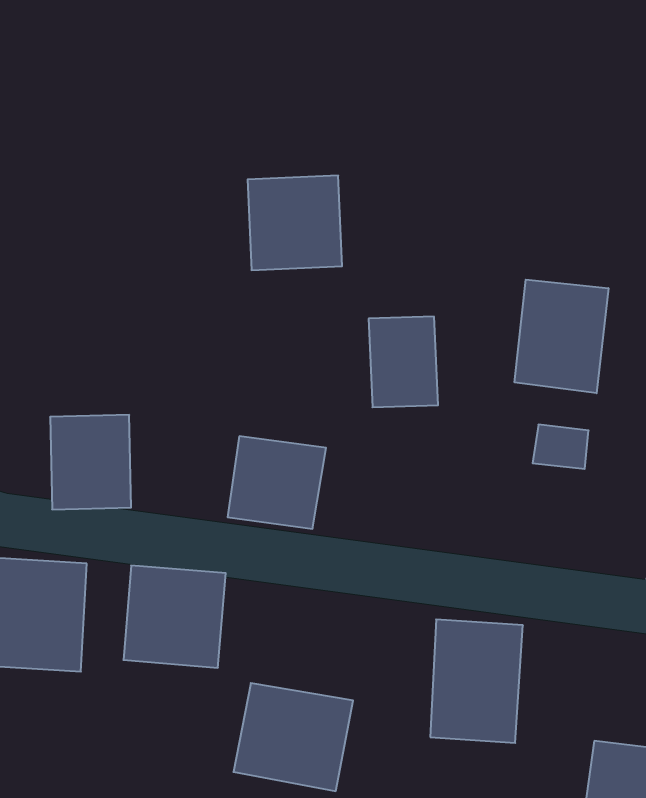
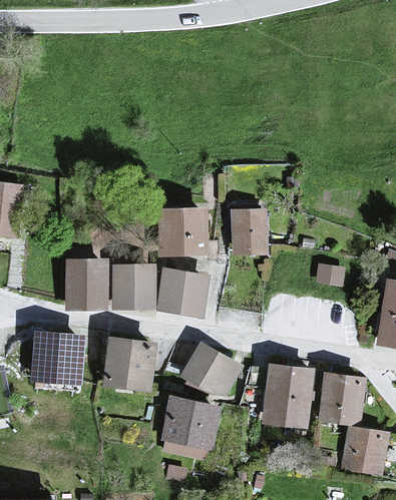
building: [248,176,342,270] -> [156,207,206,257]
building: [515,280,608,393] -> none
building: none -> [112,264,155,310]
building: none -> [179,343,245,394]
building: none -> [320,375,364,426]

